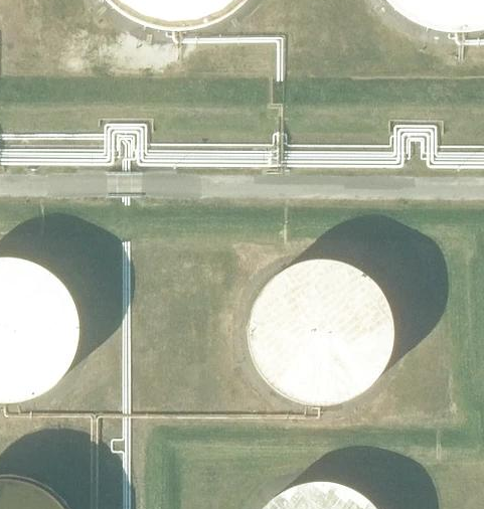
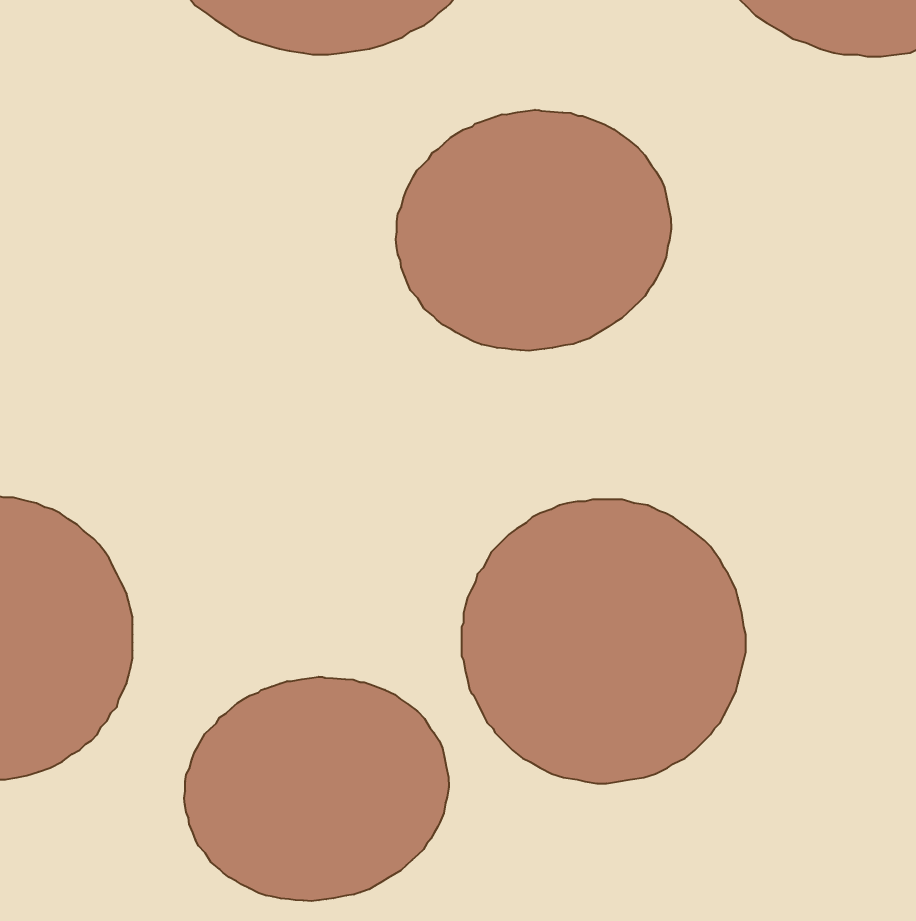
building: none -> [396,110,671,351]
building: none -> [184,677,449,901]

